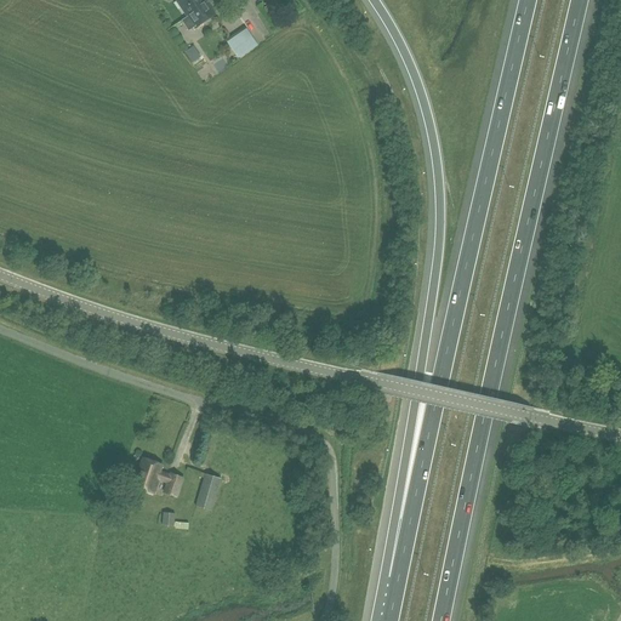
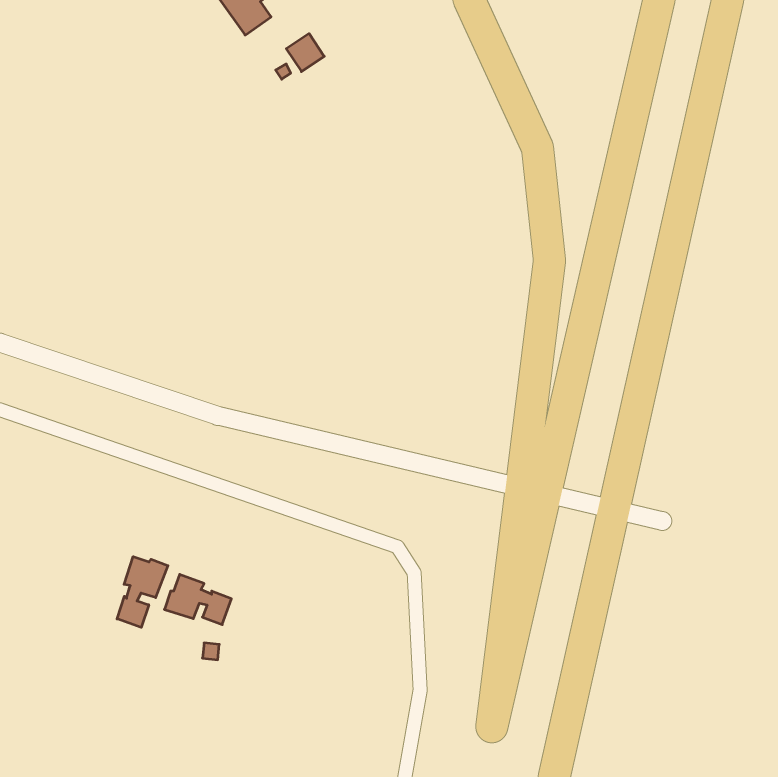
building: none -> [117,557,168,627]
building: [194,473,221,509] -> none

